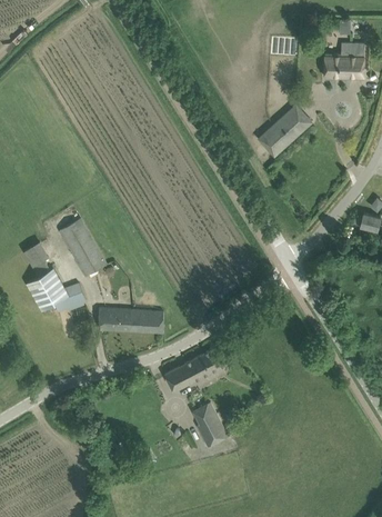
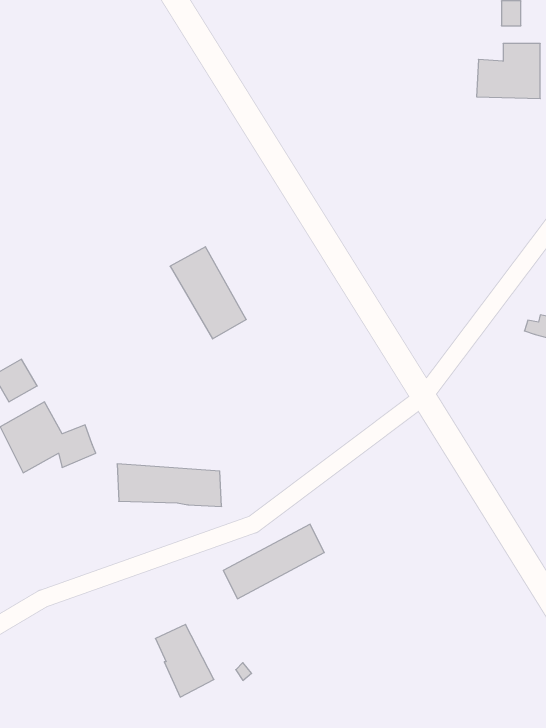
building: [259,105,312,156] -> none
building: [58,218,105,276] -> [170,247,246,339]
building: [192,401,229,447] -> [155,624,214,697]

